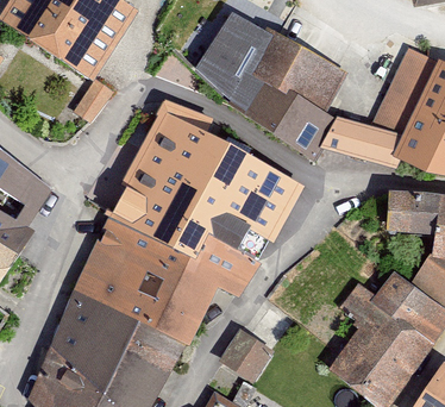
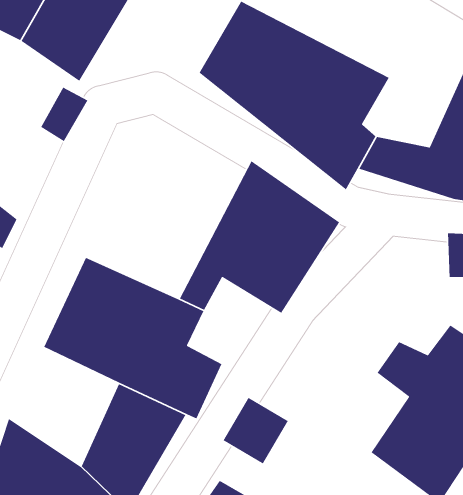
building: [102,99,237,249] -> none
building: [187,232,261,300] -> none
building: [45,287,132,381] -> none

